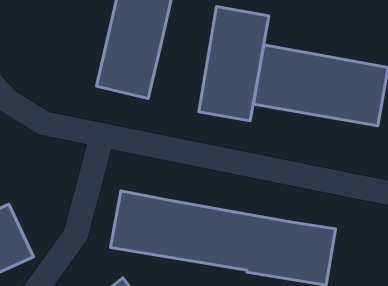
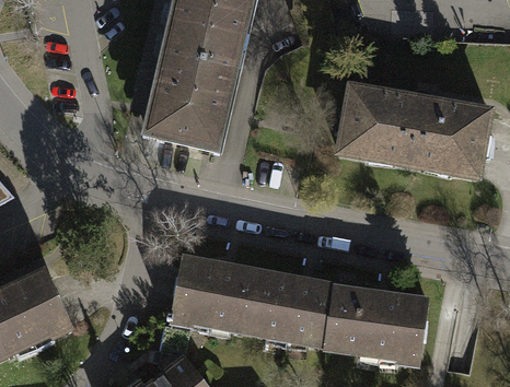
building: [199,7,269,121] -> none

